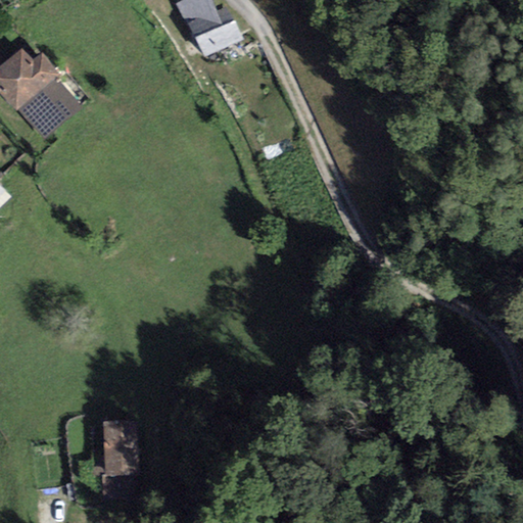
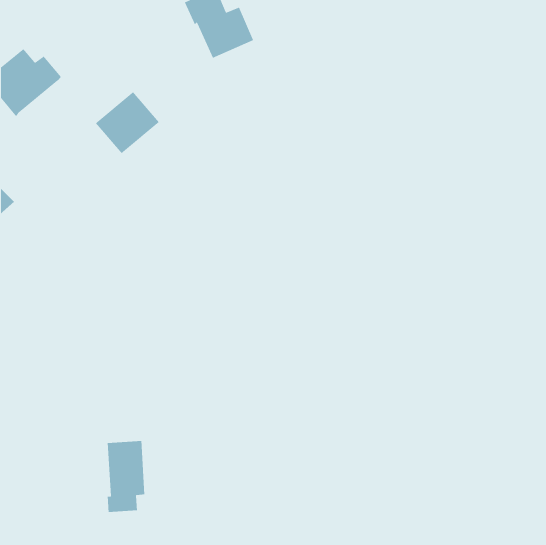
building: [18,78,81,138] -> [95,91,160,154]

